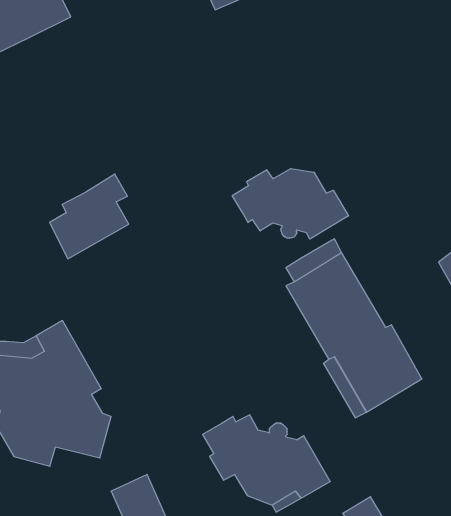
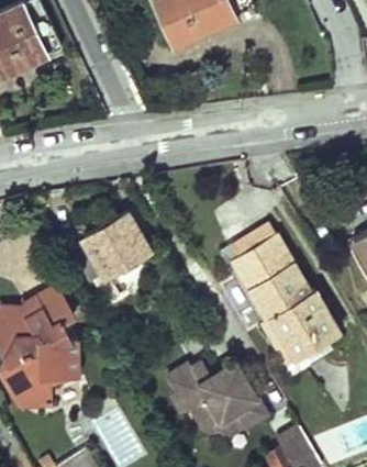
building: [232,169,349,239] -> none
building: [50,174,129,259] -> [76,215,138,282]

